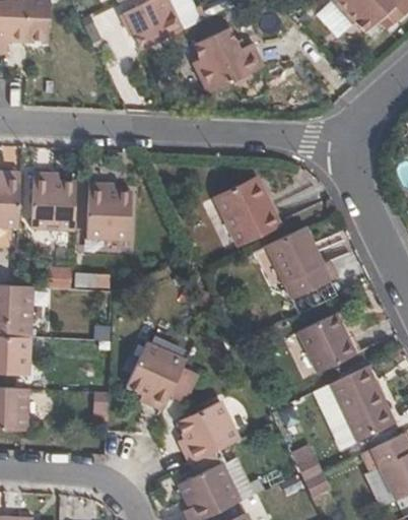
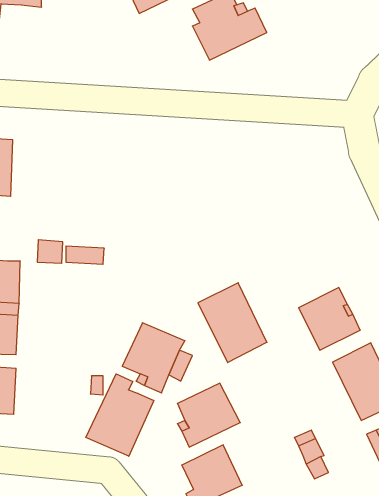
building: [35,171,78,228] -> none
building: [211,176,276,243] -> none
building: [90,182,135,238] -> none
building: [264,223,330,300] -> [198,283,267,363]
building: none -> [86,374,154,456]

